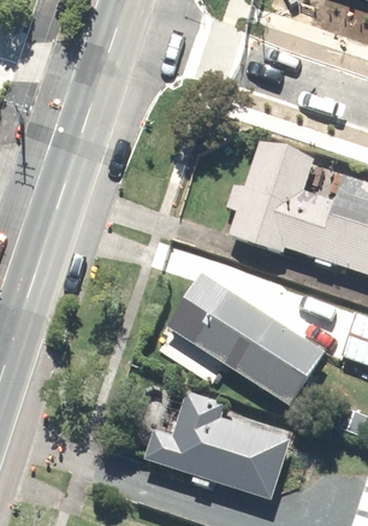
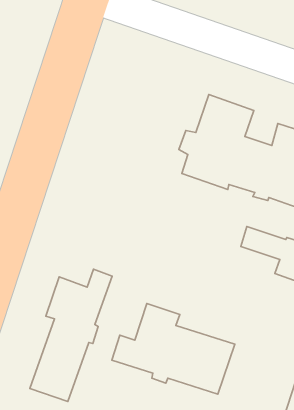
building: [165,268,325,404] -> none
building: none -> [30,269,112,402]

